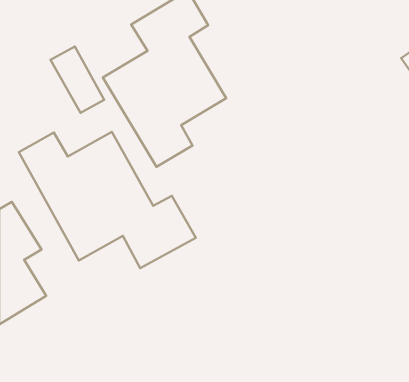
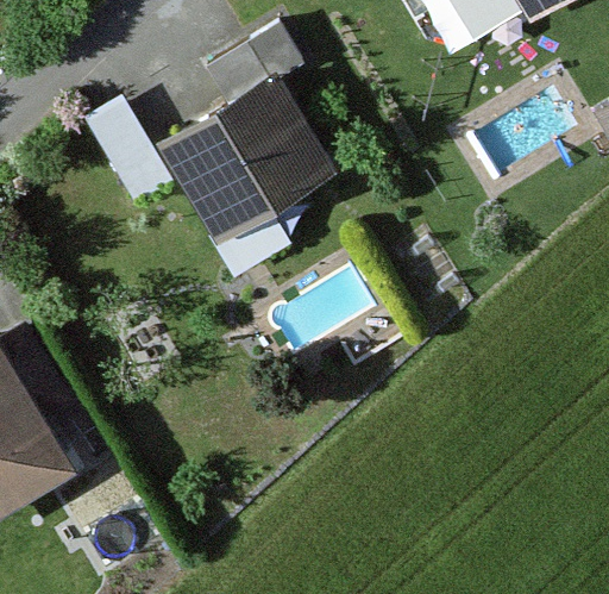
building: [19,132,196,268] -> none

